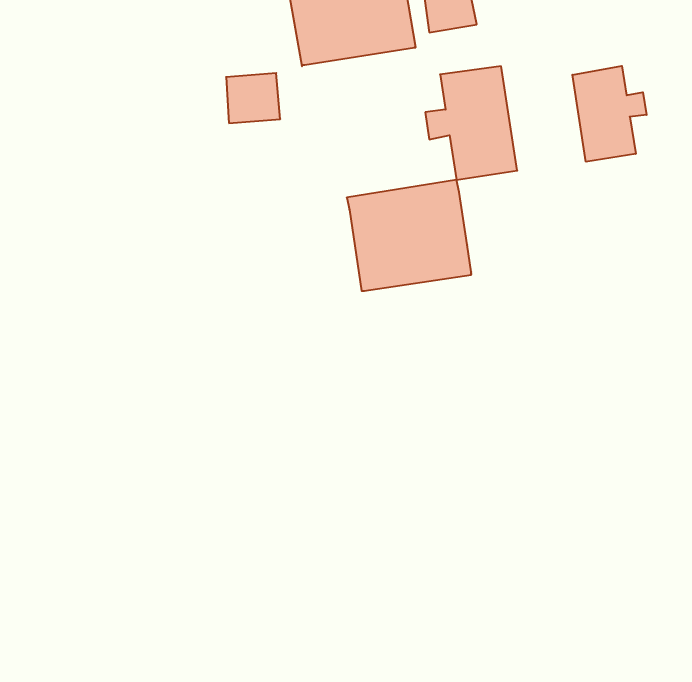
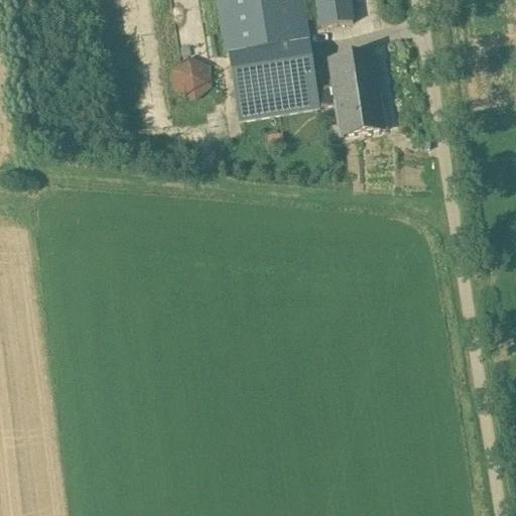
building: [572,66,647,162] -> none
building: [347,180,471,291] -> [227,35,319,118]

